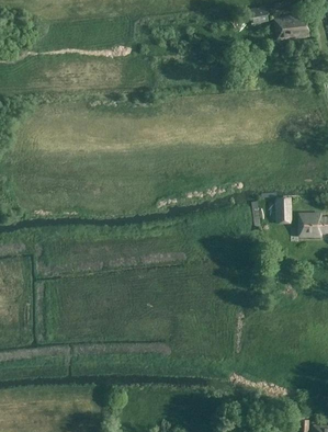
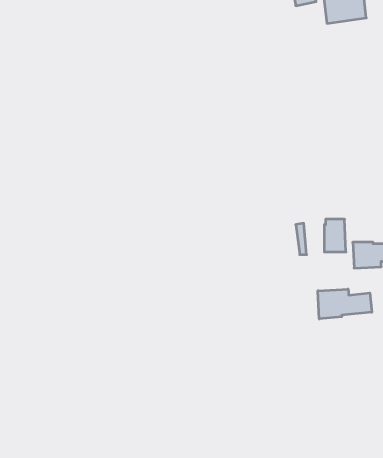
building: none -> [318,289,372,319]

